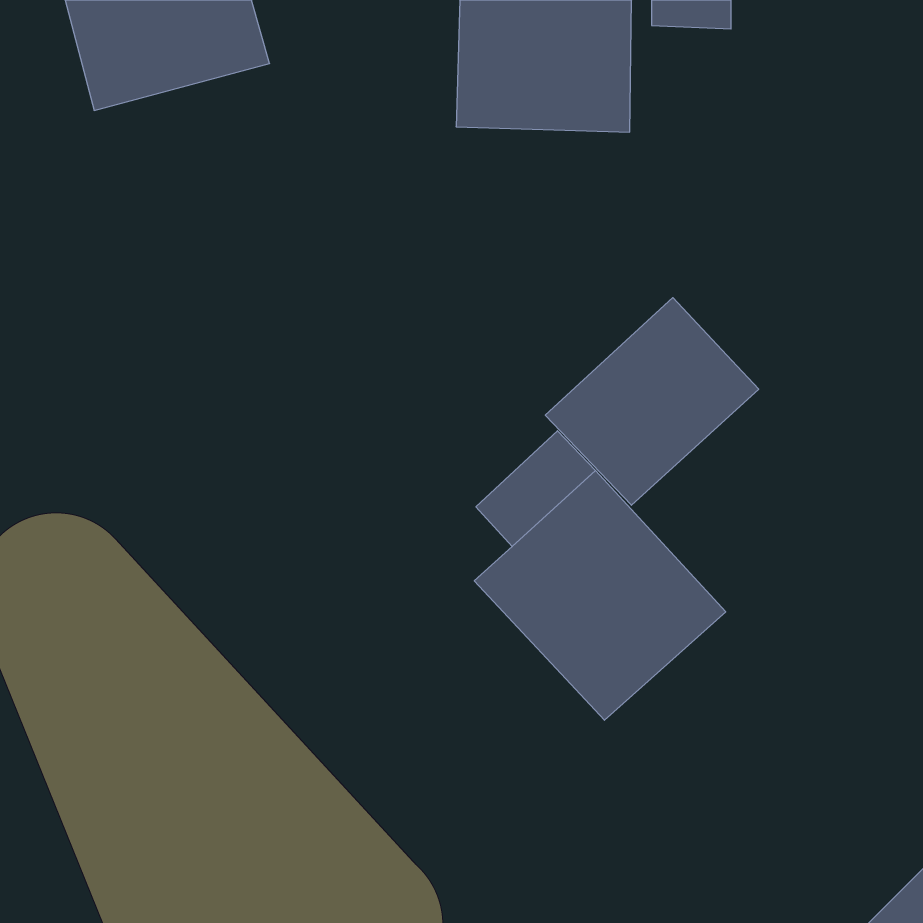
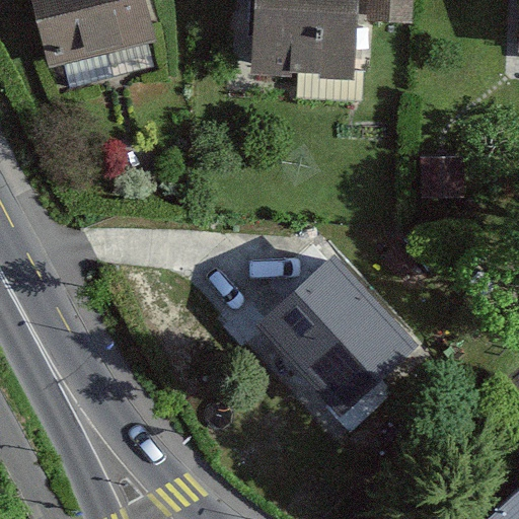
building: [545,298,759,505] -> none

